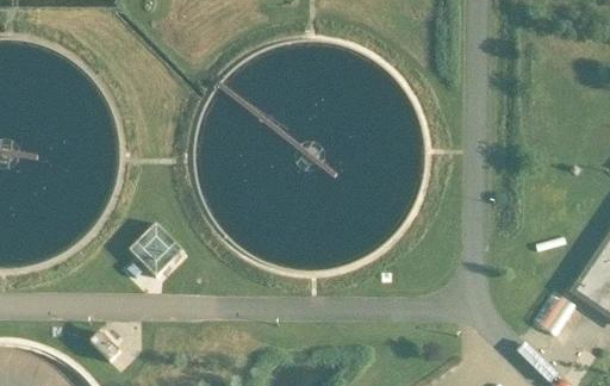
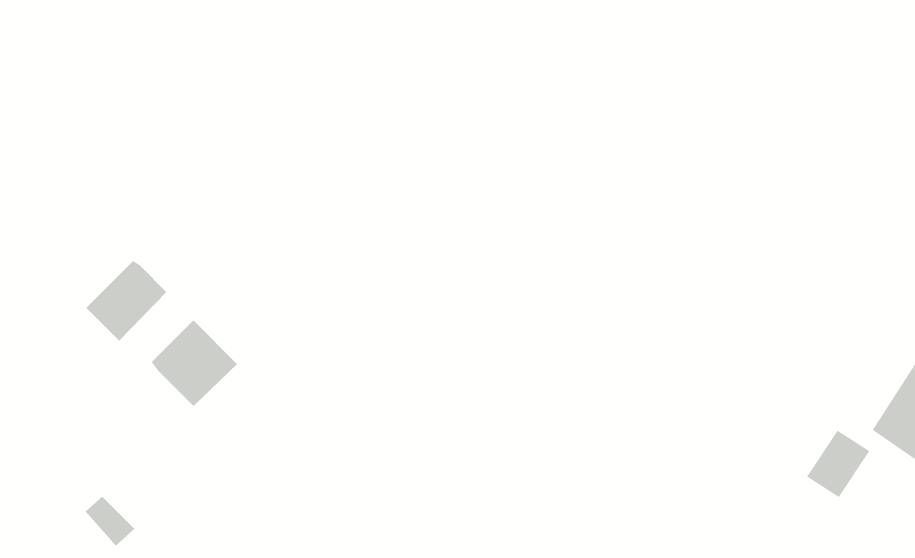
building: none -> [86,260,167,341]

